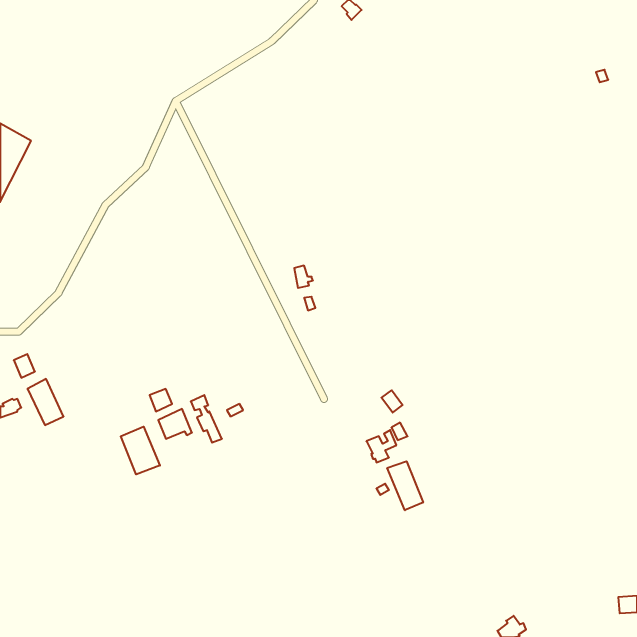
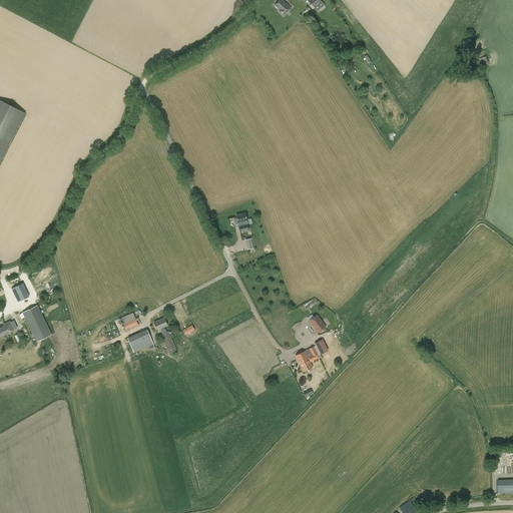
building: [121,427,160,474] -> none
building: [387,461,423,510] -> none

